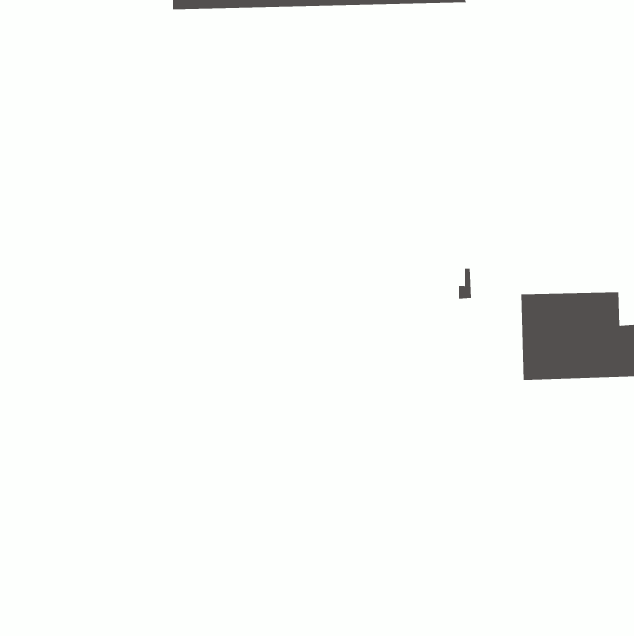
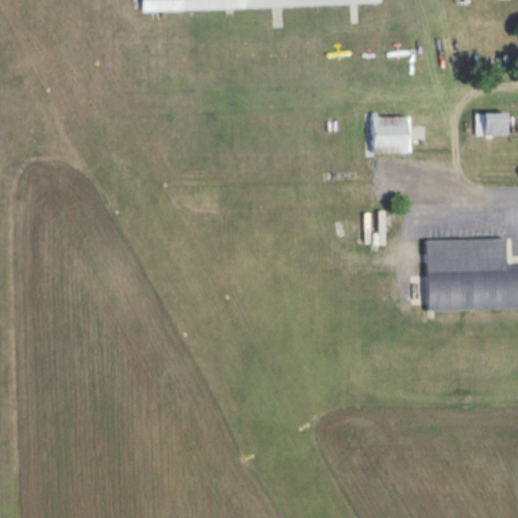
building: none -> [476,111,507,135]
building: none -> [371,114,408,152]

